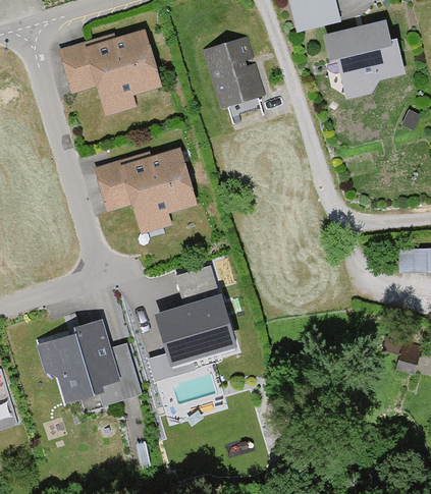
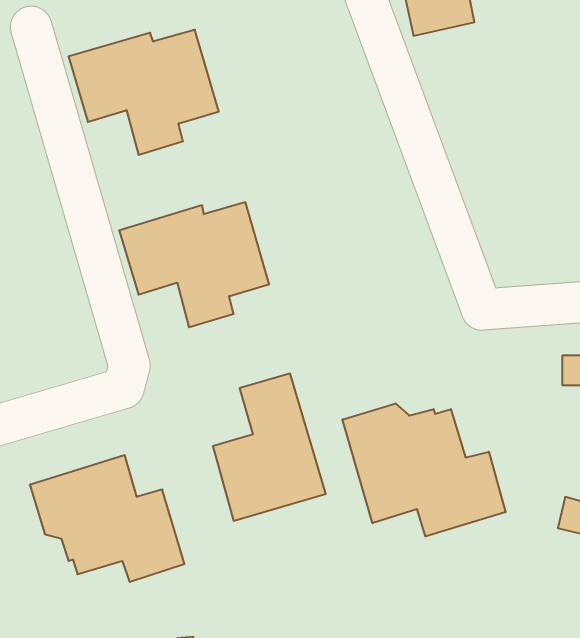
building: [322,20,397,100] -> none
building: [204,38,263,105] -> none
building: none -> [342,403,506,536]

